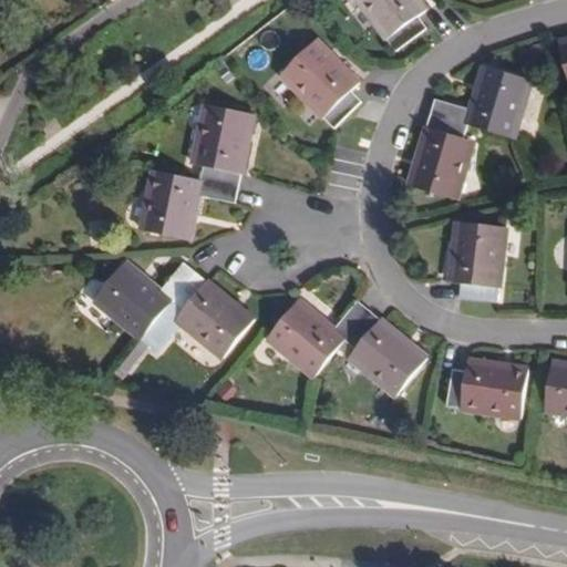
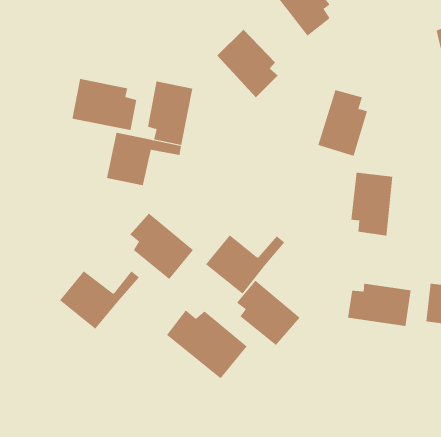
building: [431,66,532,137] -> none
building: none -> [72,78,137,131]
building: [91,262,194,338] -> [59,271,140,330]
building: [343,309,425,393] -> [236,280,300,346]
building: none -> [166,309,248,379]

